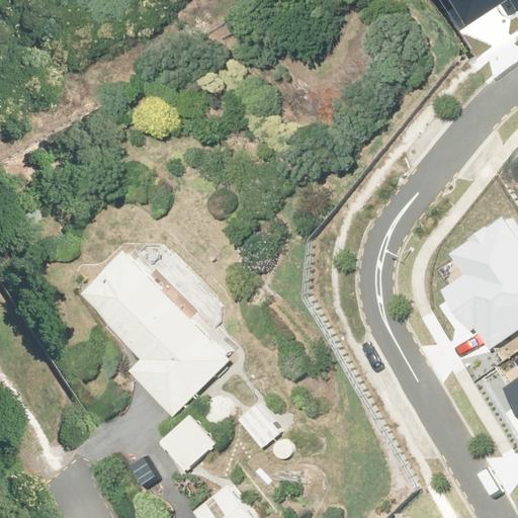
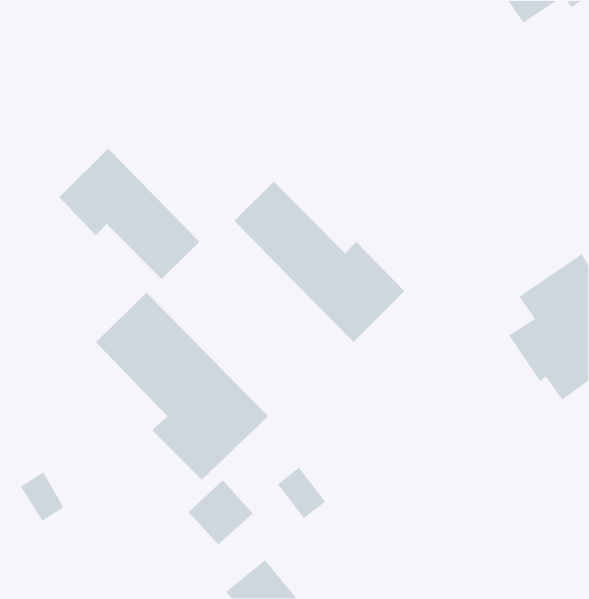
building: none -> [59,148,200,280]
building: none -> [233,181,405,343]

